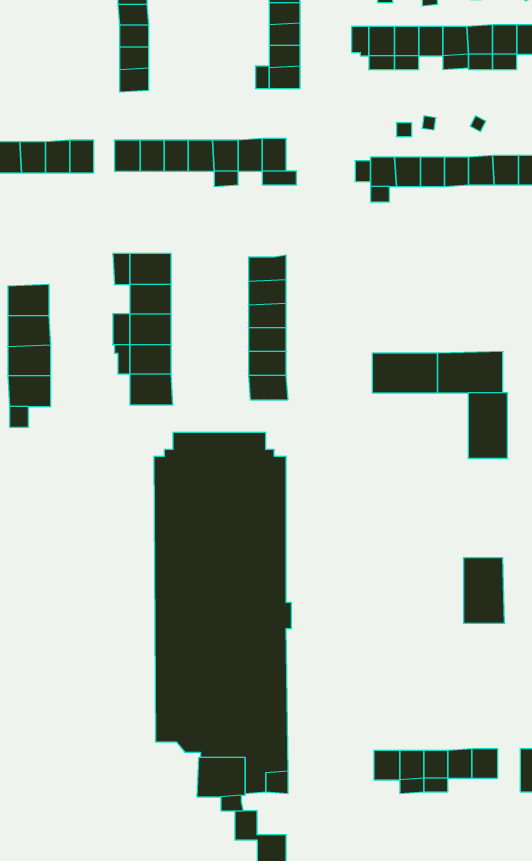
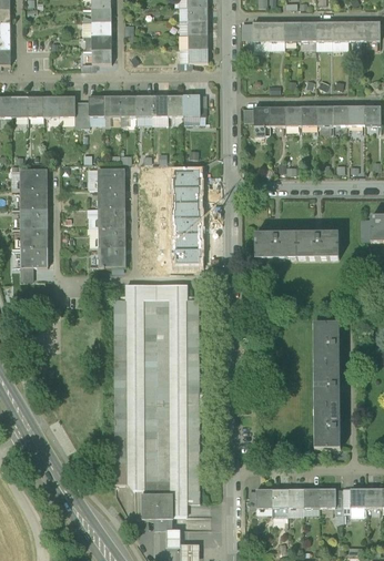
building: none -> [19,170,46,190]
building: [468,393,508,458] -> [313,323,338,365]
building: none -> [313,407,340,449]

